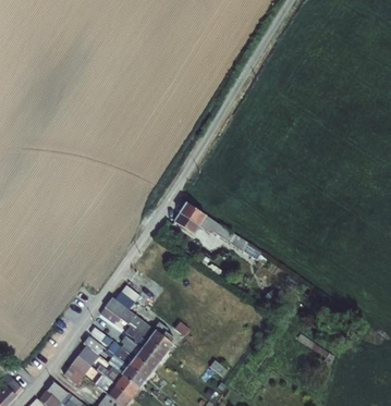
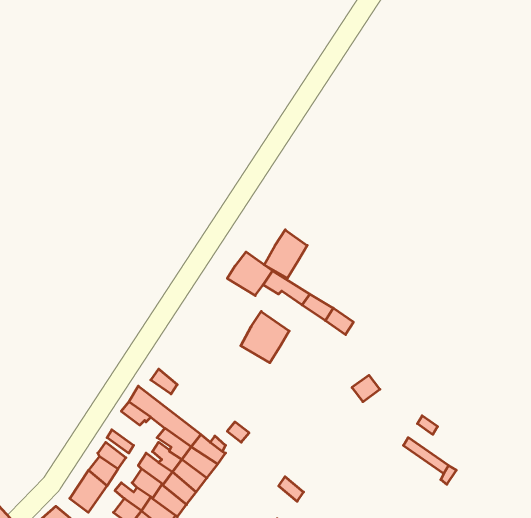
building: none -> [264,230,307,278]
building: none -> [241,311,289,363]

